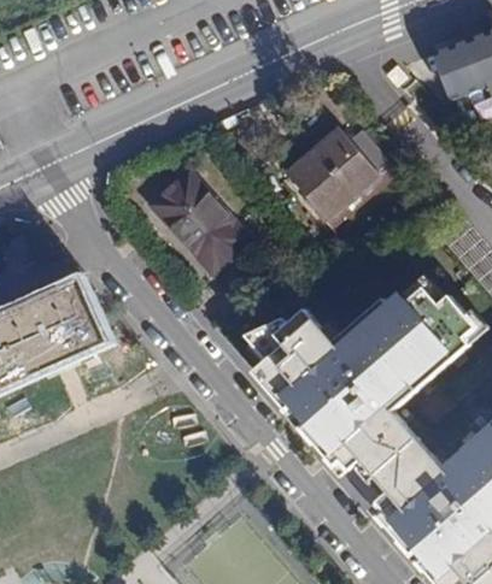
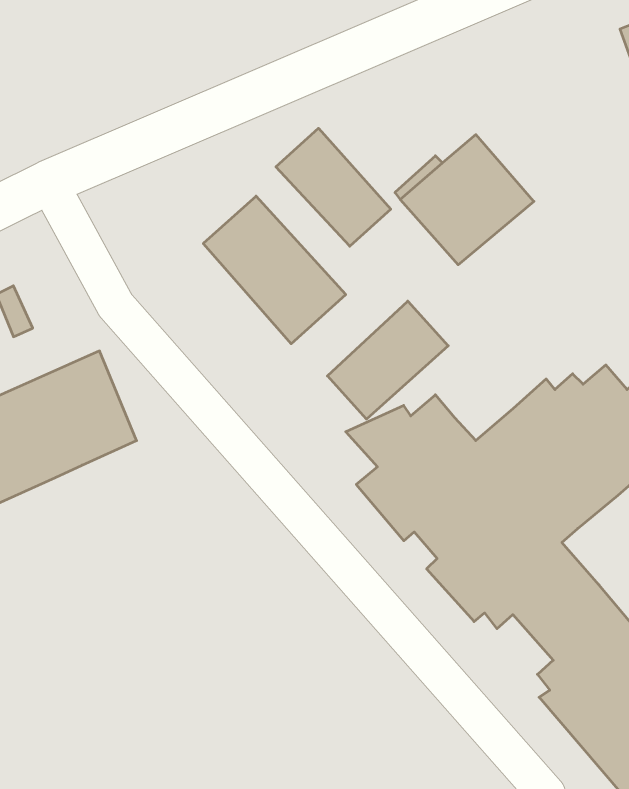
building: none -> [276,128,391,246]
building: none -> [327,301,448,419]

